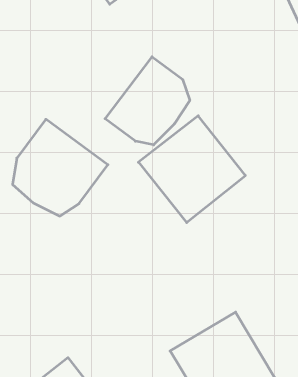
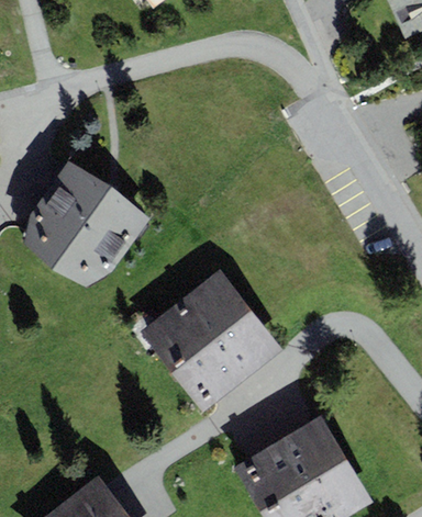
building: [105,57,190,145] -> none
building: [138,116,245,223] -> [141,269,282,411]

